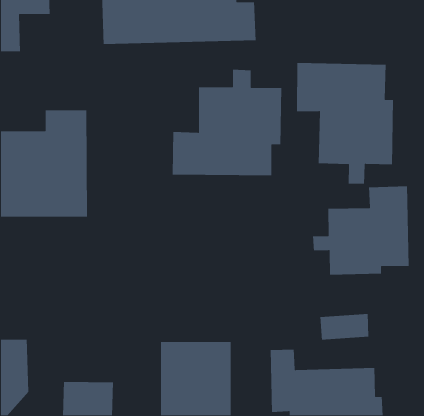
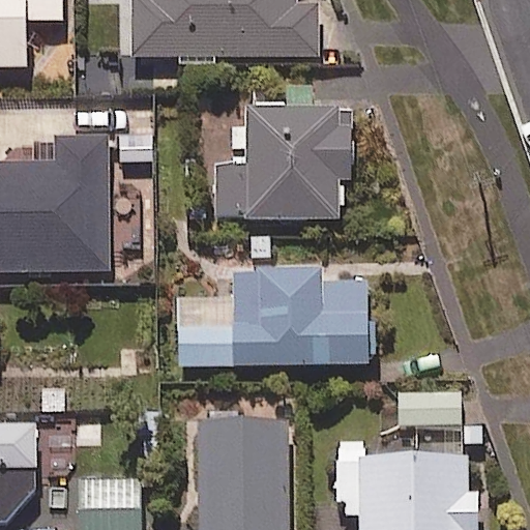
building: [296,62,394,185] -> none
building: [312,186,410,276] -> none
building: none -> [177,272,369,369]

